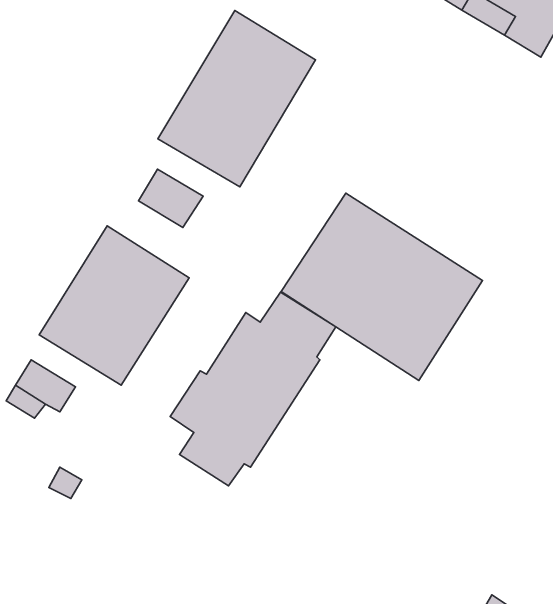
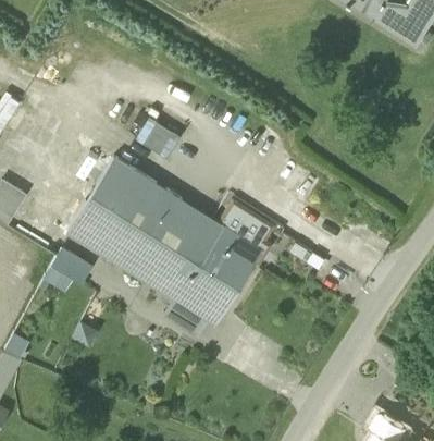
building: [158,11,315,187] -> none
building: [281,193,483,381] -> none
building: none -> [124,194,210,290]

